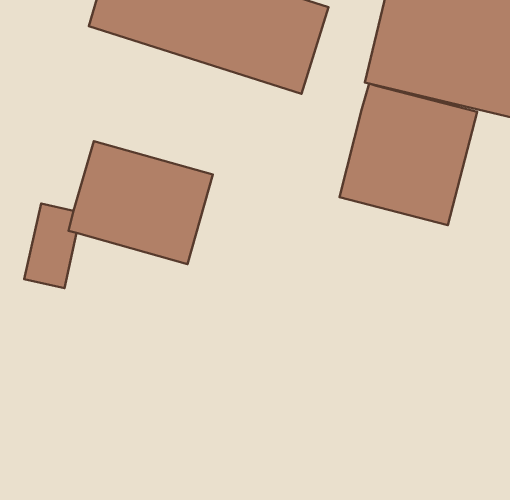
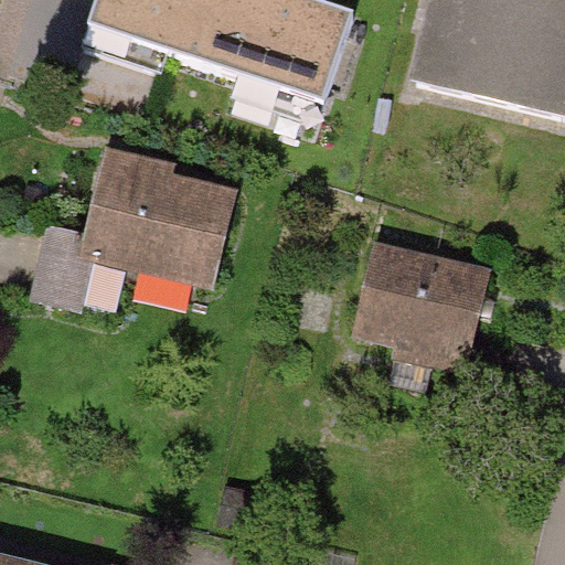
building: [340,84,477,225] -> none
building: none -> [348,236,489,365]

